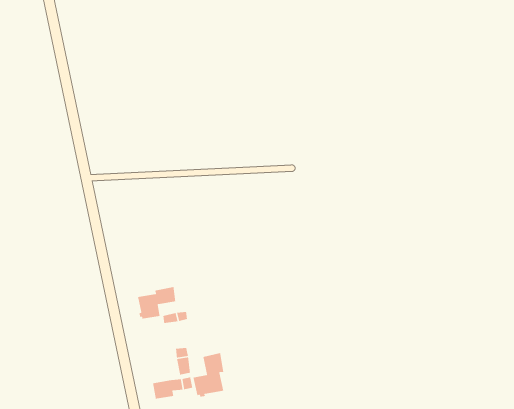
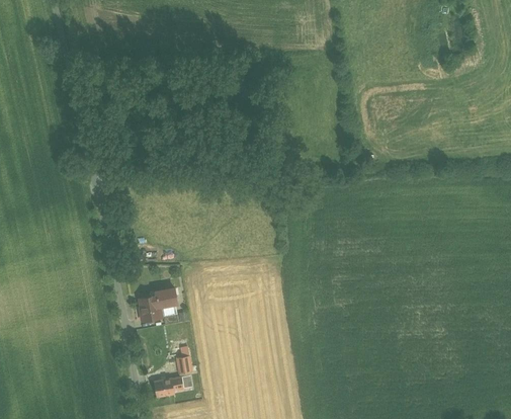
building: [193,352,224,397] -> none

